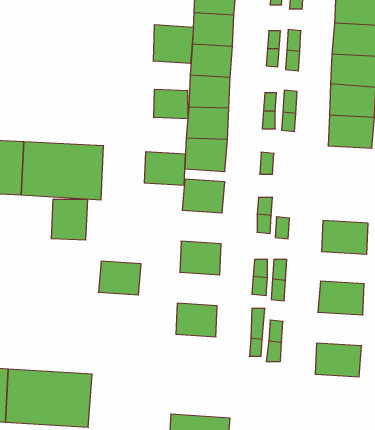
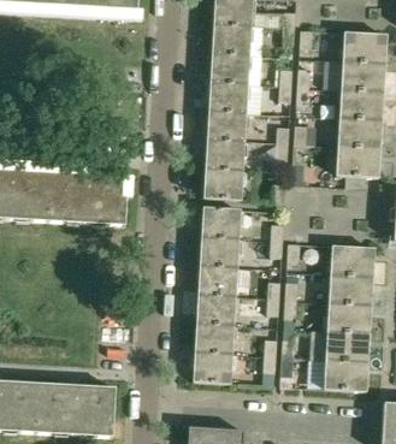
building: [153,25,193,64] -> none
building: [154,89,188,119] -> none
building: [144,152,186,185] -> [199,236,237,267]
building: [51,199,88,240] -> none
building: none -> [329,274,372,304]
building: [98,261,141,295] -> [195,294,235,325]
building: none -> [309,330,368,362]
building: none -> [193,351,231,383]

